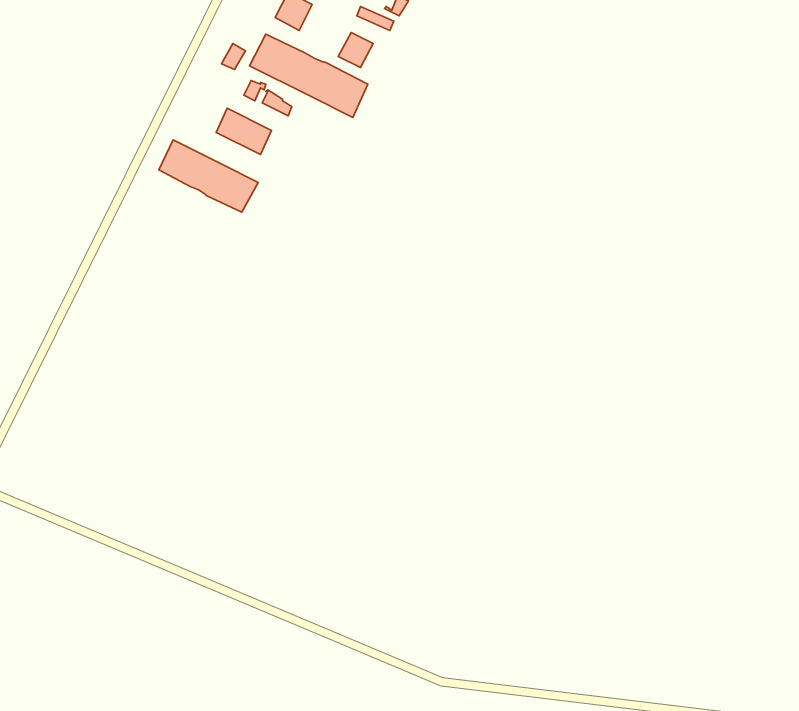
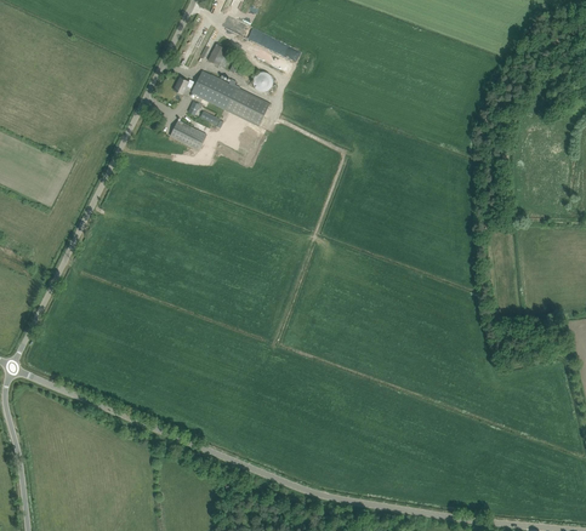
building: [159,140,258,212] -> none

